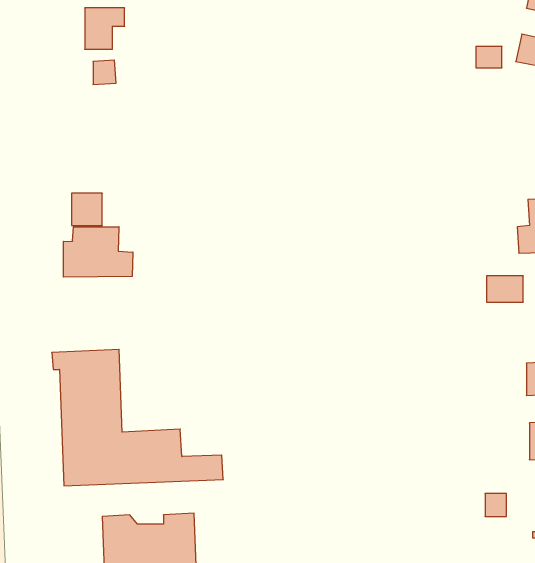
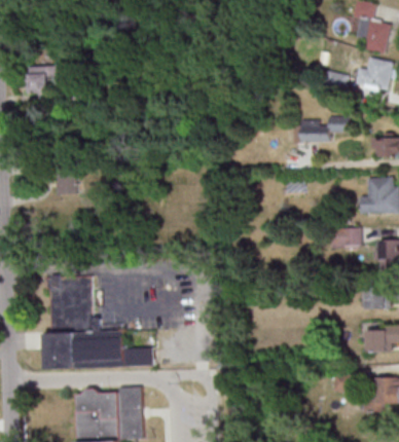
building: [85,8,125,49] -> [30,66,57,94]
building: none -> [300,116,349,141]
building: [64,227,133,277] -> none

